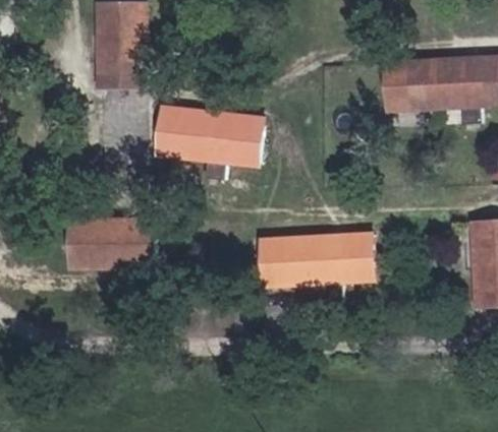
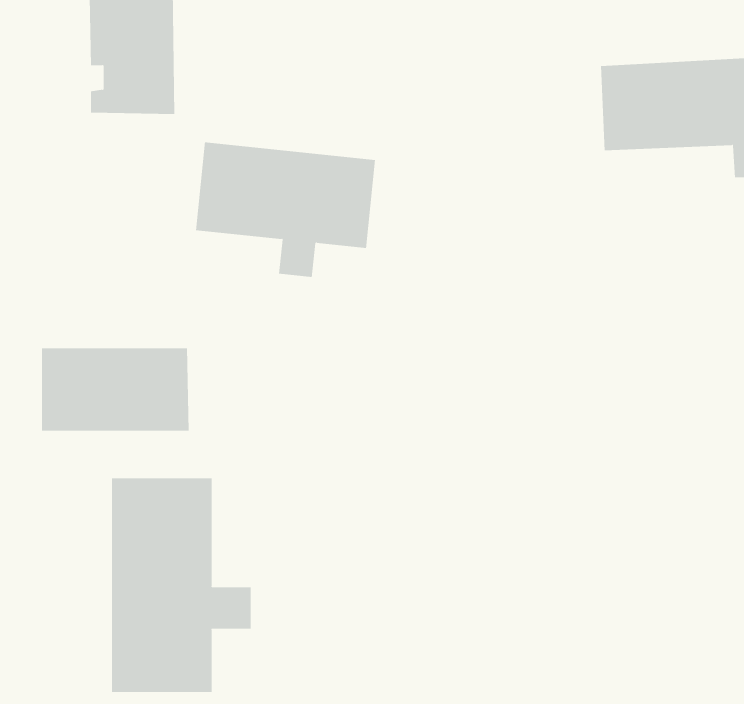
building: [261,234,372,303] -> none
building: none -> [111,477,251,693]

